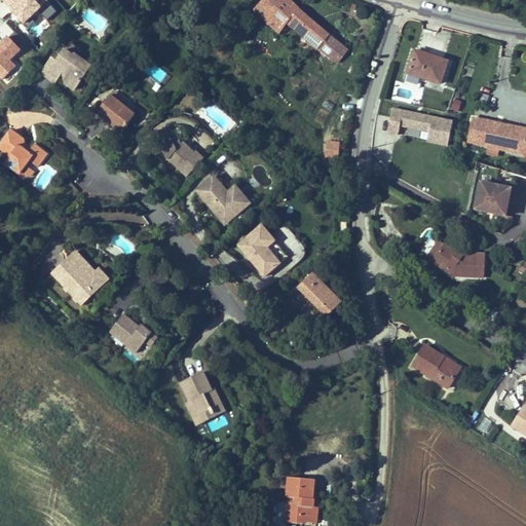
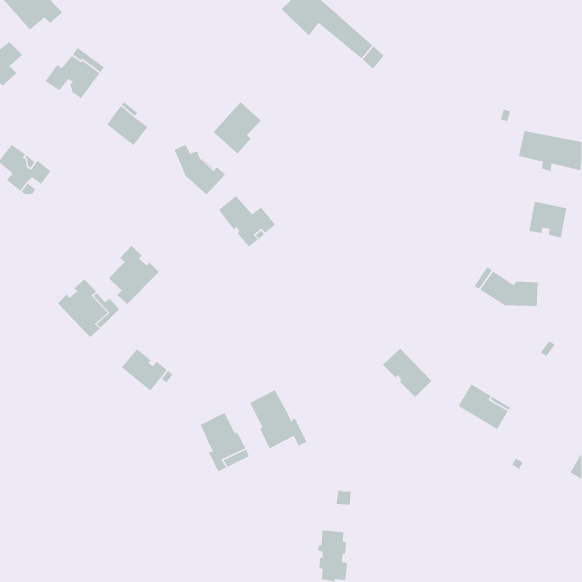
building: [407,52,447,83] -> none
building: none -> [213,102,261,155]
building: [386,107,451,145] -> none
building: none -> [108,245,160,305]
building: [237,224,279,275] -> none
building: [296,271,341,316] -> [382,348,432,398]
building: none -> [249,389,308,450]

